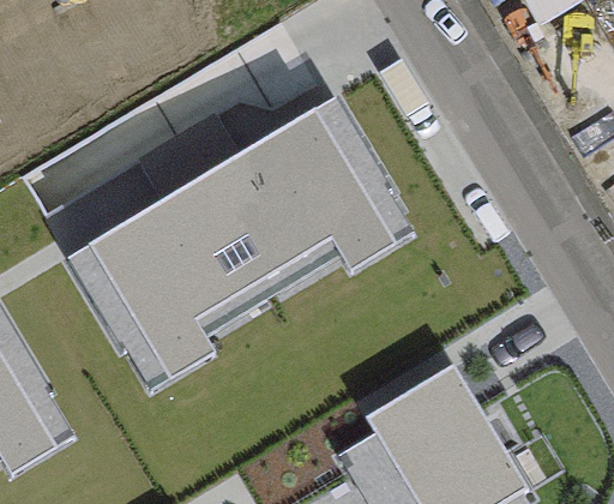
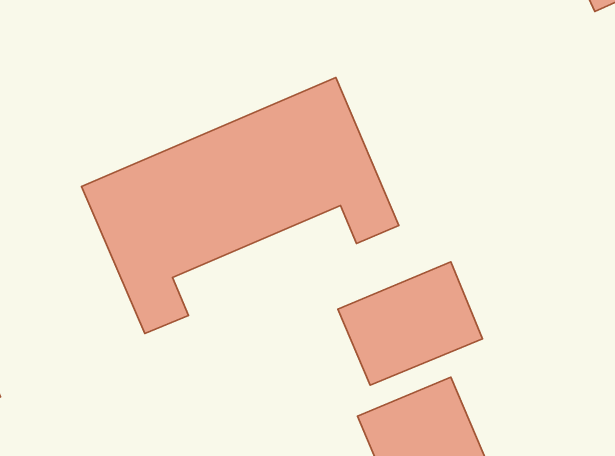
building: none -> [338,262,482,385]

